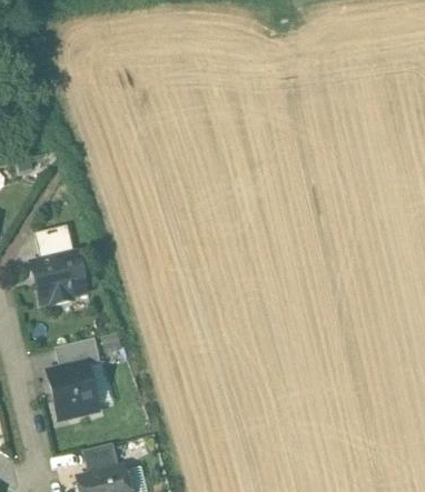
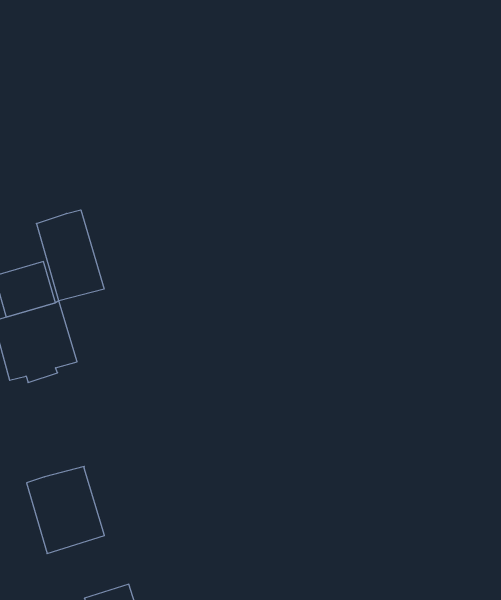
building: none -> [36,210,104,301]
building: [57,338,101,369] -> none

